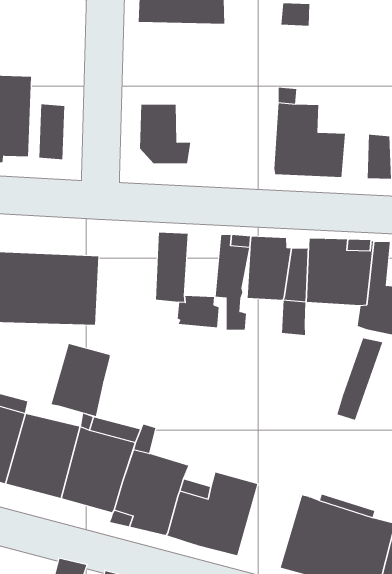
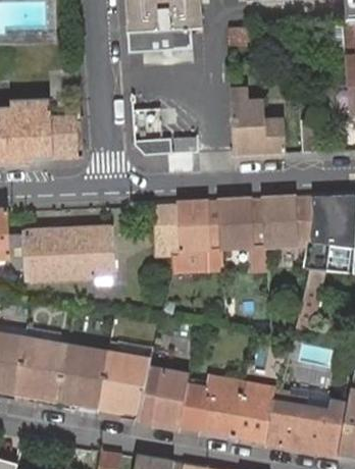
building: none -> [176,203,200,250]
building: [51,343,110,417] -> none
building: none -> [234,383,276,444]

